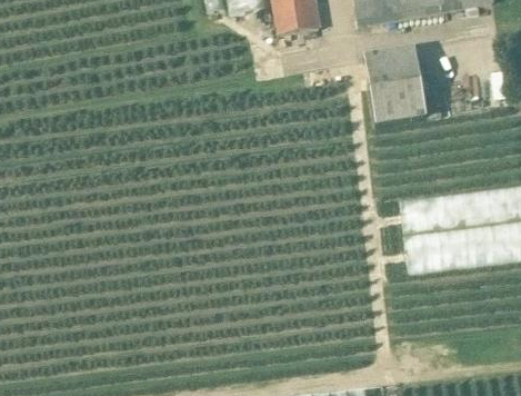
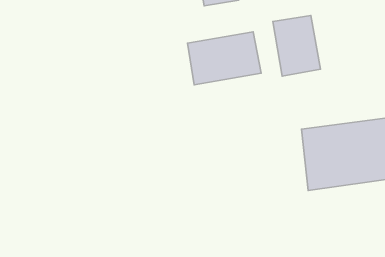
building: none -> [187,32,261,85]

